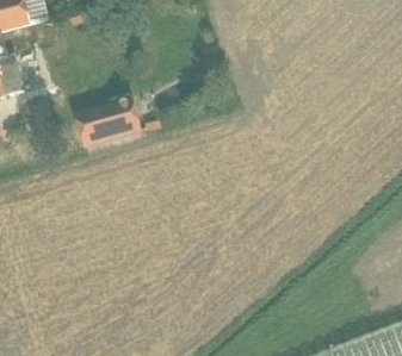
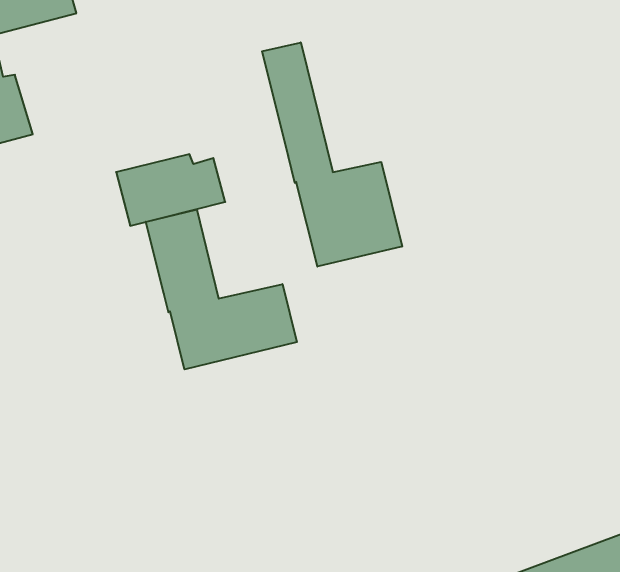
building: none -> [262,42,402,267]
building: none -> [146,210,297,369]

